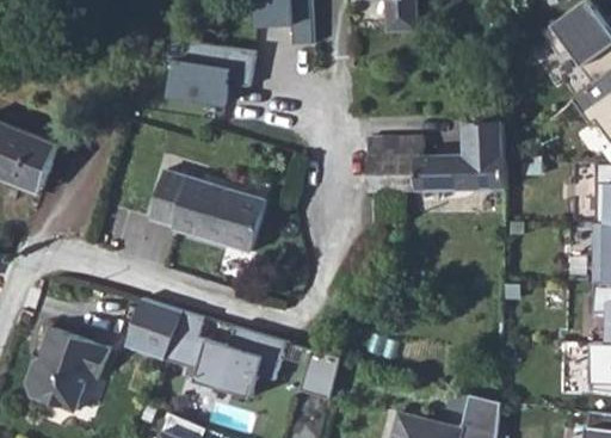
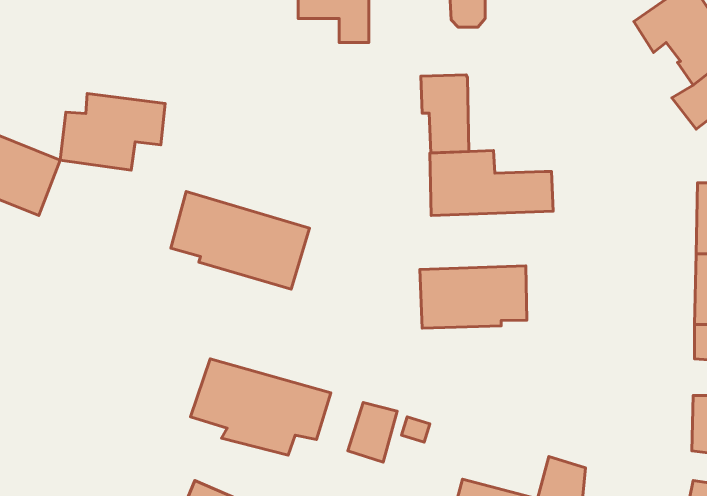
building: [168,45,257,110] -> [60,94,165,170]
building: [464,122,505,187] -> [421,75,469,153]
building: none -> [420,266,527,328]
building: [124,297,184,360] -> none
building: [25,317,107,402] -> none

